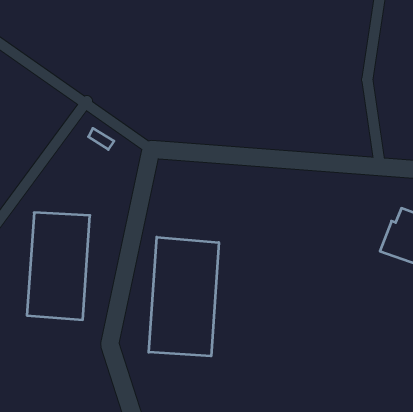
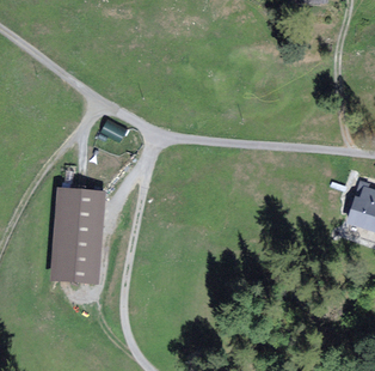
building: [149,237,219,356] -> none

